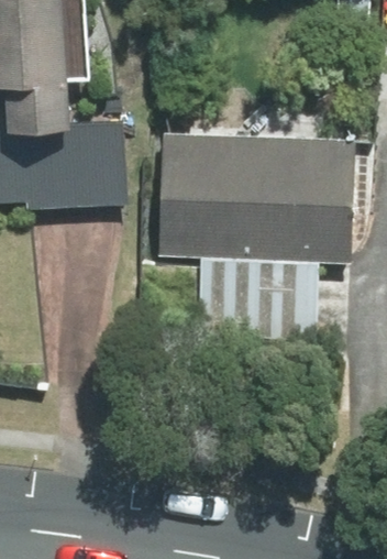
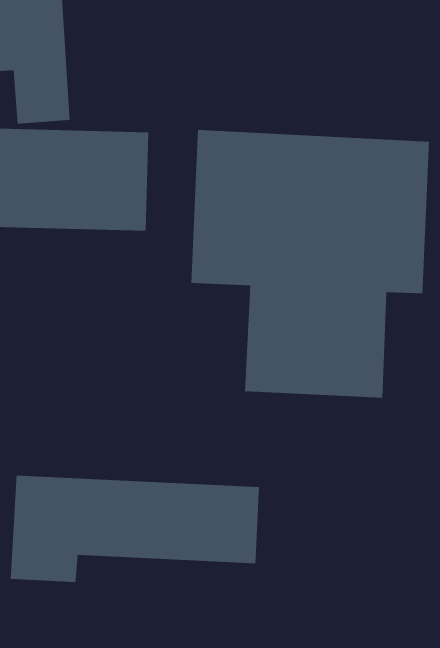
building: none -> [10,475,259,583]

